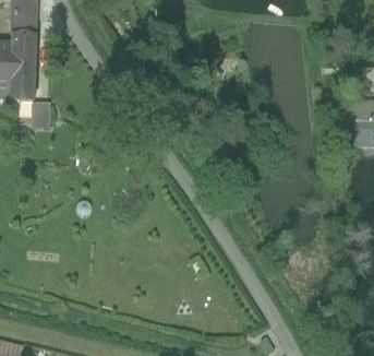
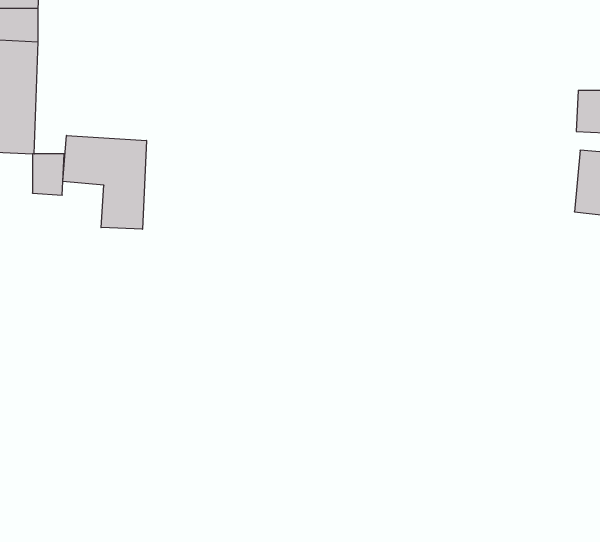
building: none -> [63,135,146,229]

